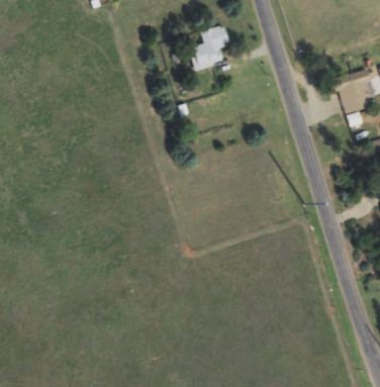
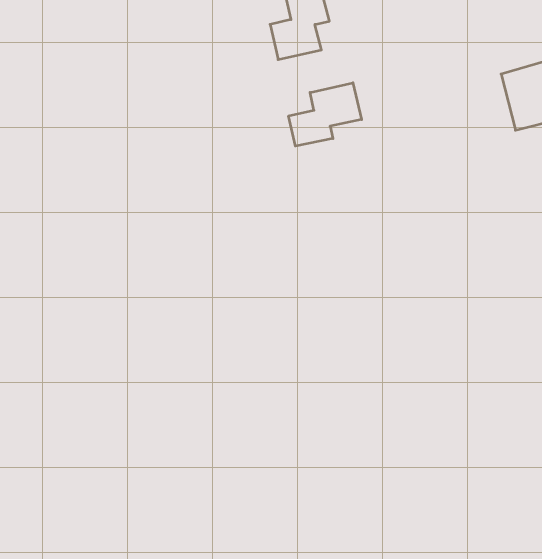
building: none -> [289,83,362,146]

